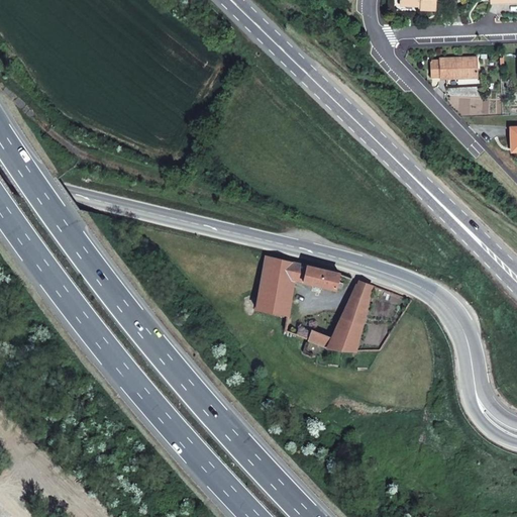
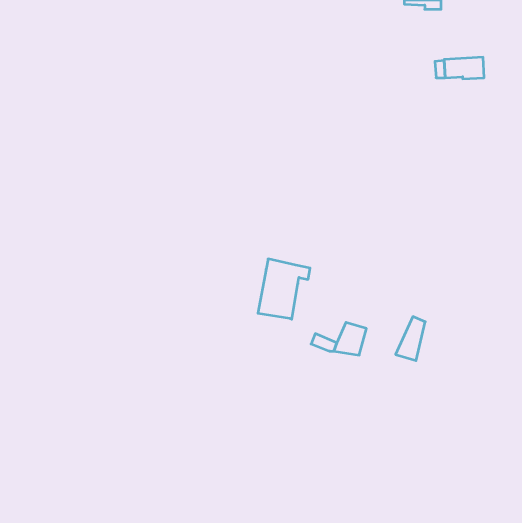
building: [303,265,342,291] -> none
building: [341,281,371,324] -> [396,317,425,361]

